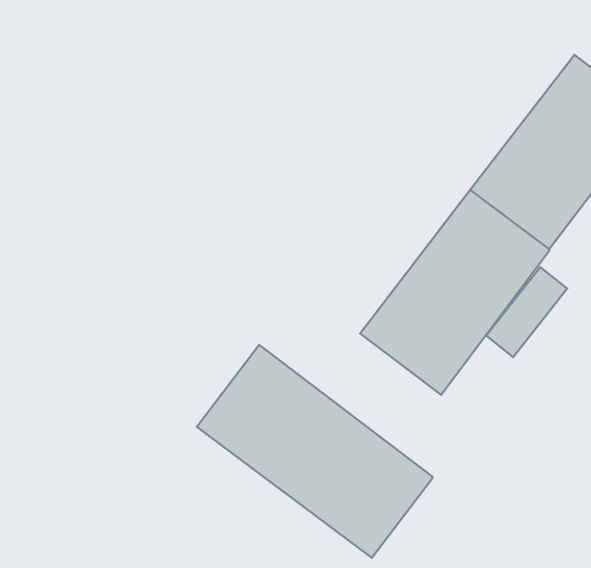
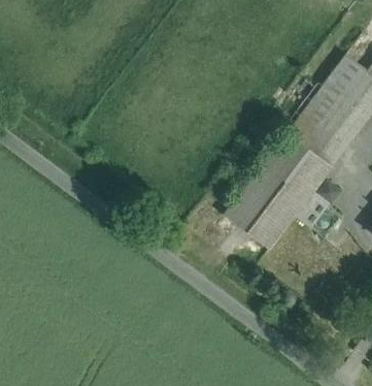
building: [197,345,433,558] -> none

